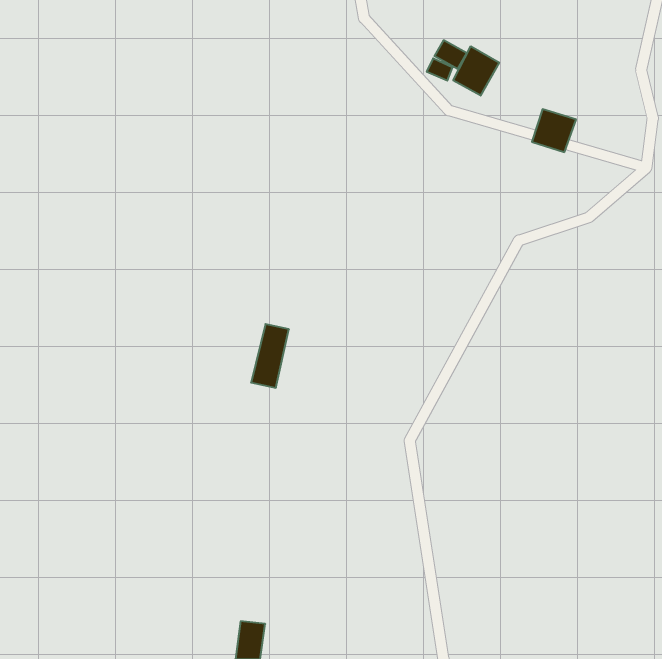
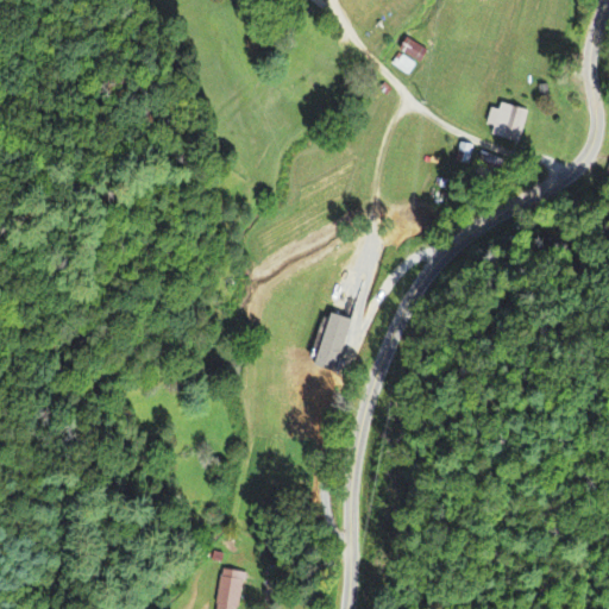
building: [453,46,499,96] -> none
building: [251,324,289,388] -> [315,313,350,371]

